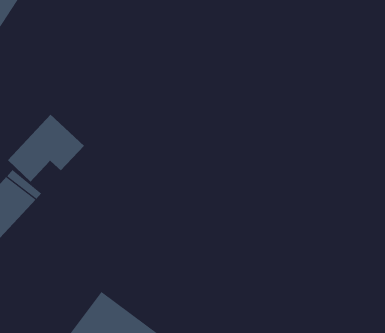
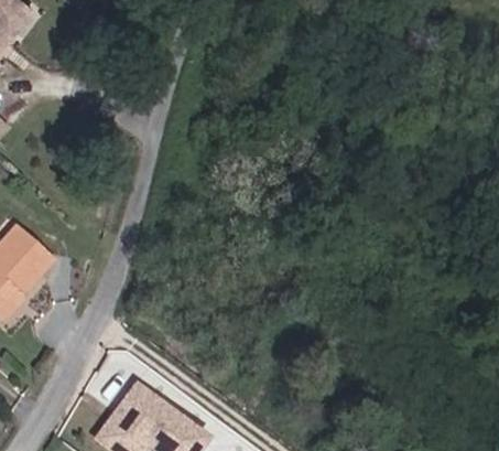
building: [7,114,85,182] -> none

